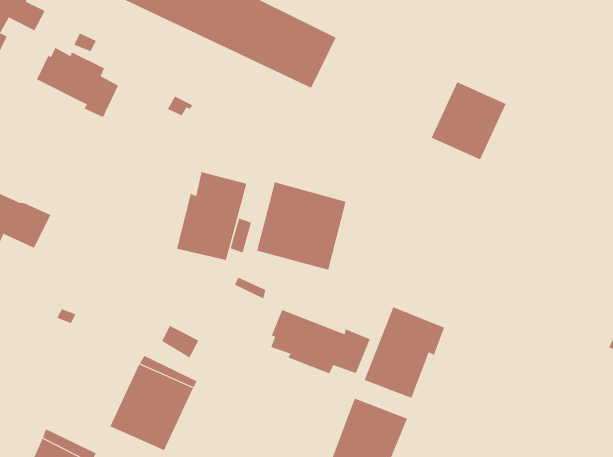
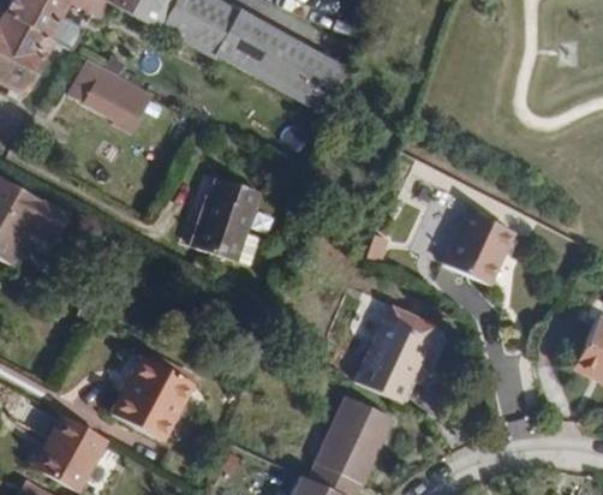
building: [431,82,506,160] -> [437,205,508,279]
building: [257,182,346,270] -> none
building: [270,309,370,374] -> none

